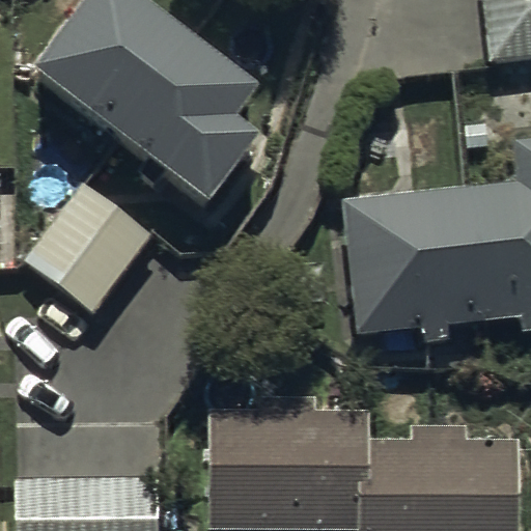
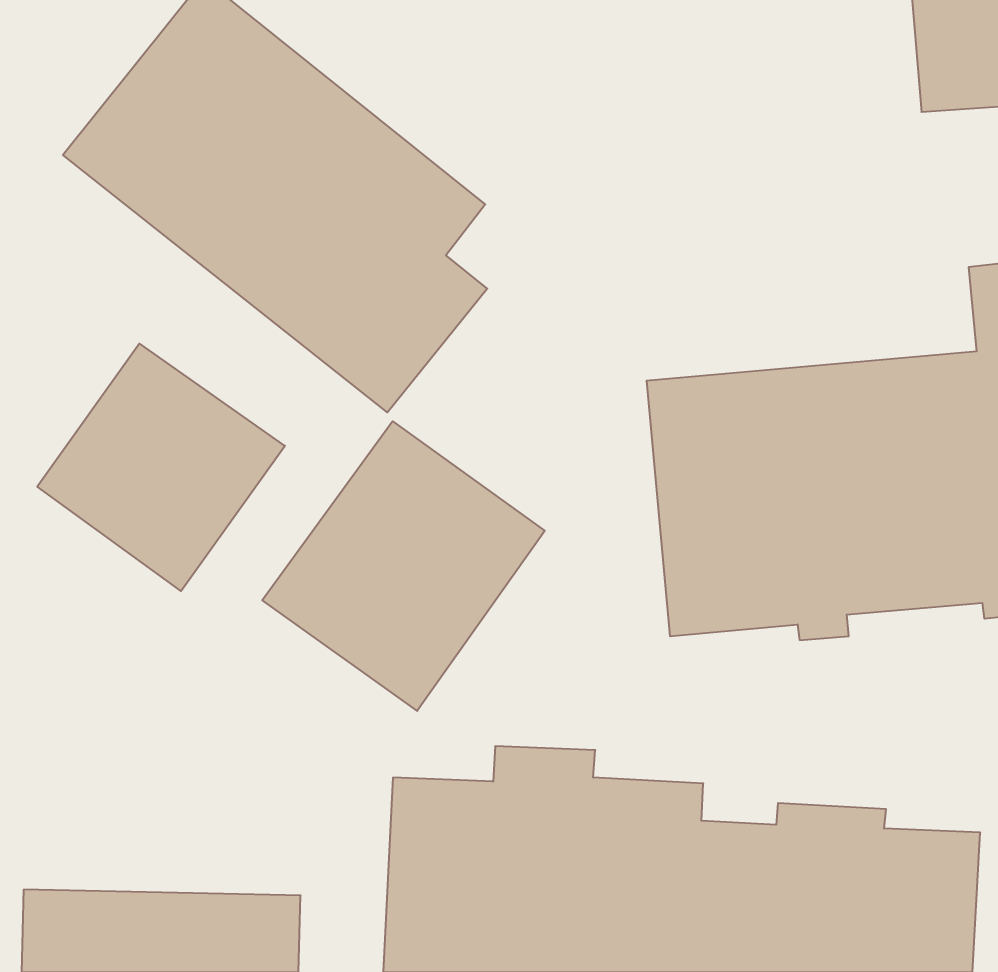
building: none -> [262,421,545,711]

